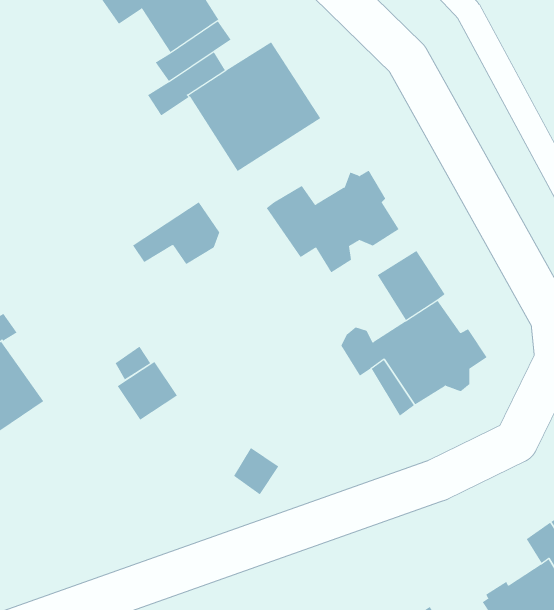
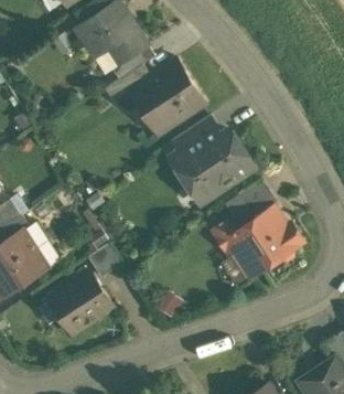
building: [132,202,220,265] -> [171,117,222,153]
building: none -> [46,273,111,337]

